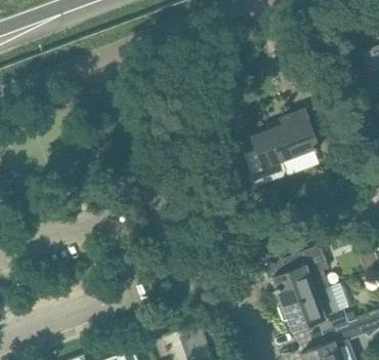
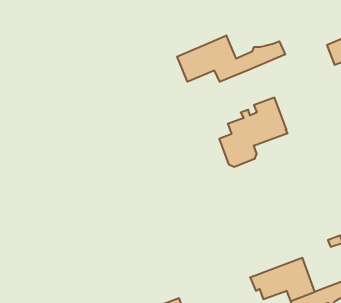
building: none -> [177,35,285,82]
building: [272,245,329,305] -> none

